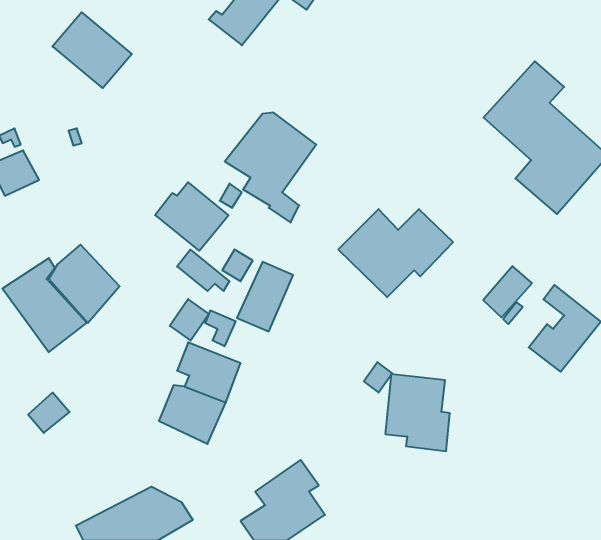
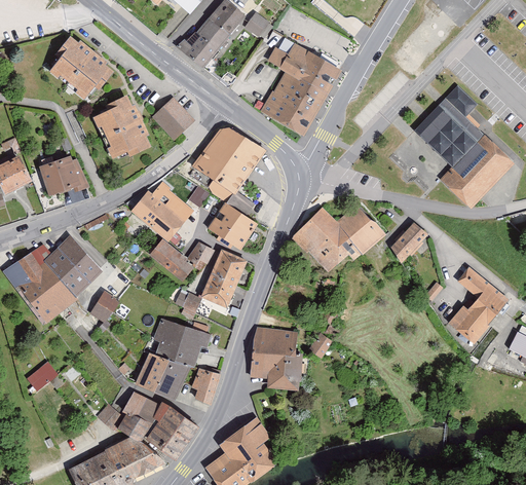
building: none -> [261,33,343,135]
building: none -> [91,94,151,161]
building: none -> [153,97,194,139]
building: none -> [40,155,86,196]
building: none -> [209,201,259,249]
building: [483,266,532,317] -> [387,217,428,260]
building: [170,299,209,341] -> [89,288,122,323]
building: [385,374,450,451] -> [248,324,302,388]
building: none -> [189,366,221,406]
building: none -> [97,388,200,459]

